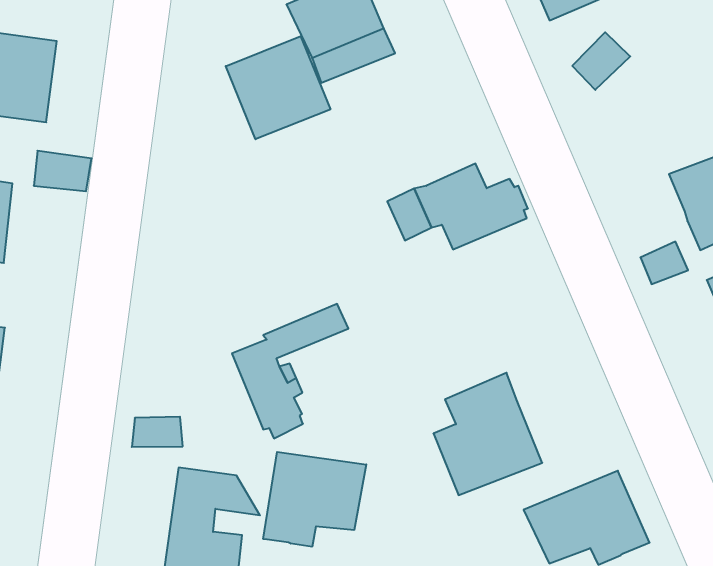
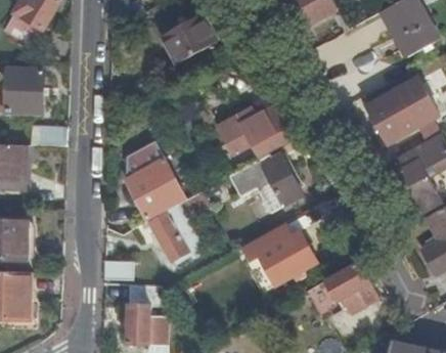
building: [226,36,330,139] -> none
building: none -> [124,159,184,218]
building: none -> [227,152,304,213]
building: [263,452,366,547] -> none

